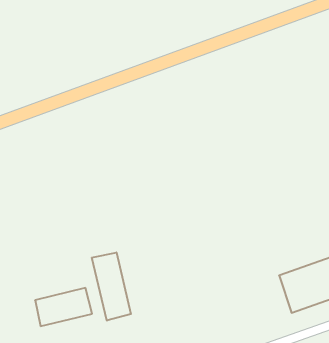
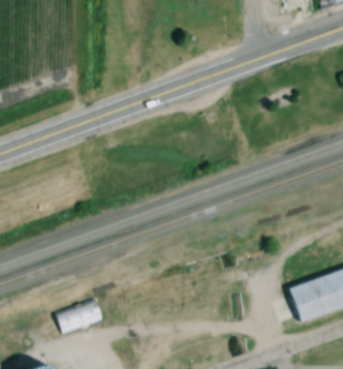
building: [92,252,131,321] -> none

